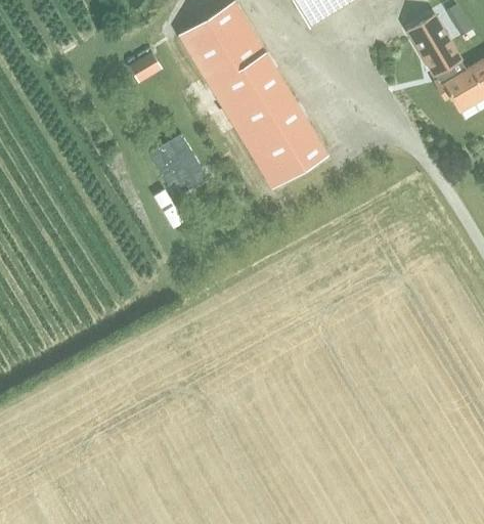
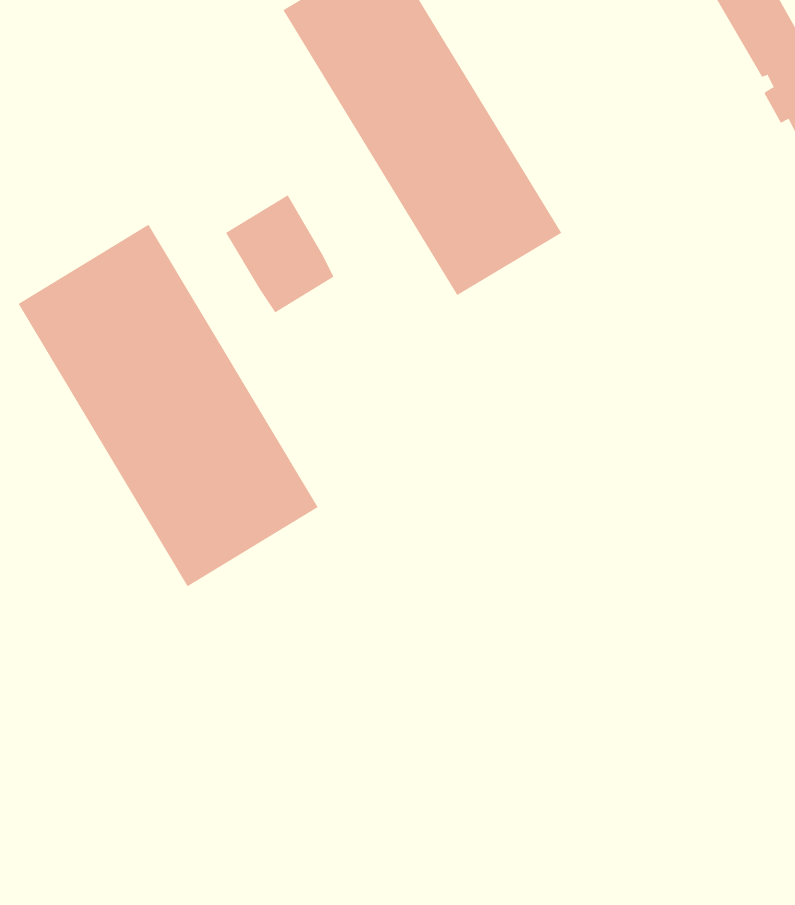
building: [130,51,163,81] -> none
building: none -> [18,224,318,587]

